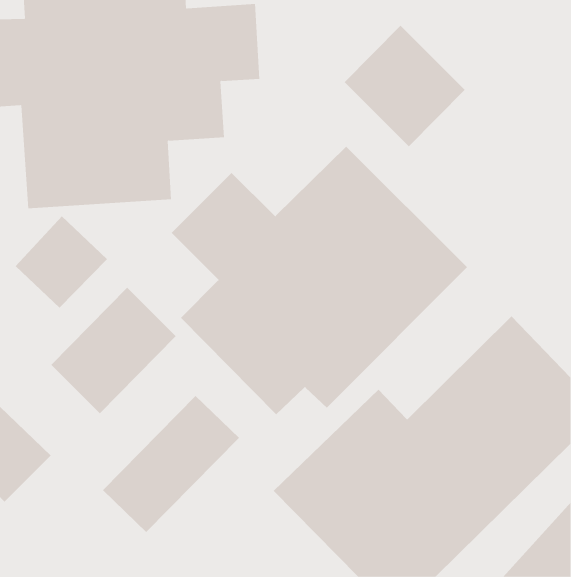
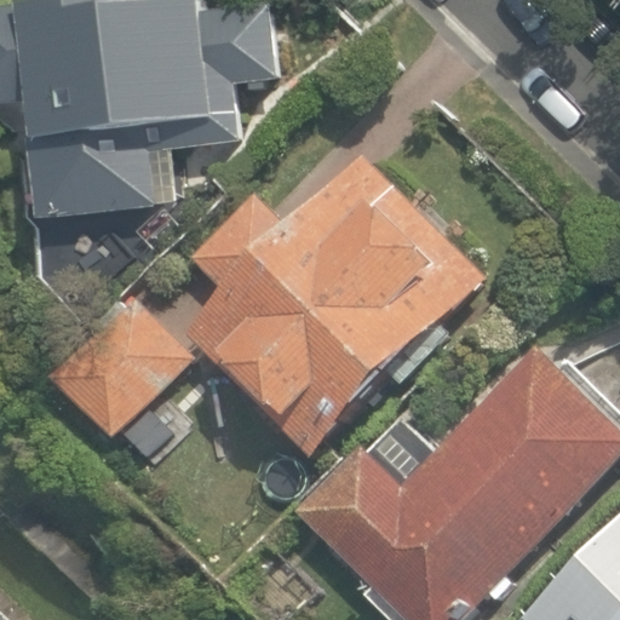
building: [344,25,465,147] -> none
building: [102,395,240,533] -> none

